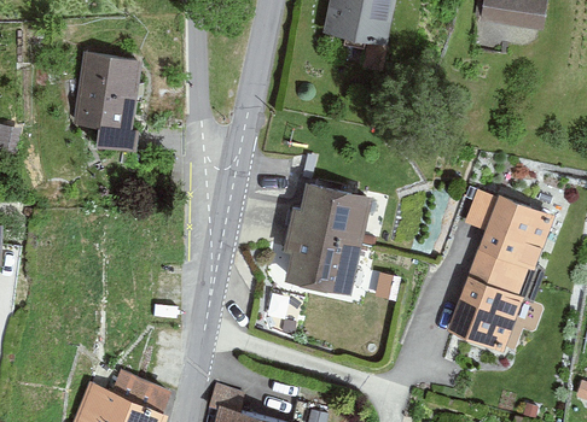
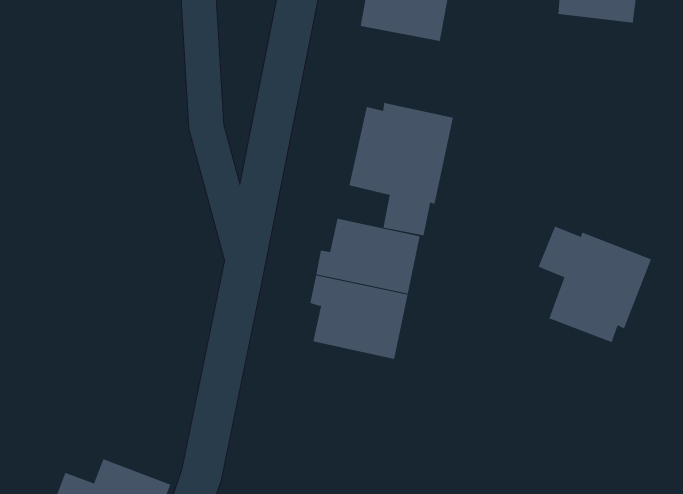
building: [75,53,139,152] -> none
building: none -> [349,102,453,236]
building: [444,262,523,352] -> none

